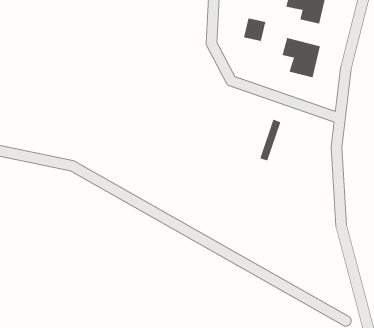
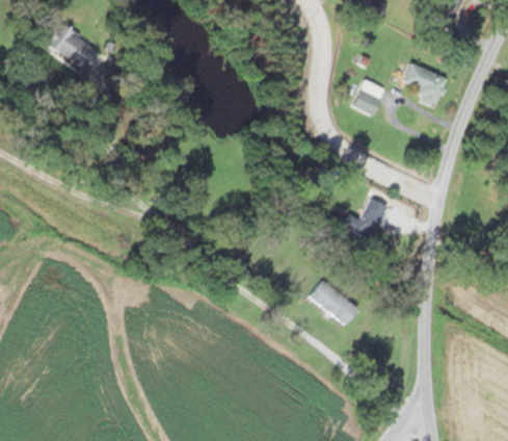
building: [282,37,320,78] -> none
building: none -> [310,279,358,326]

